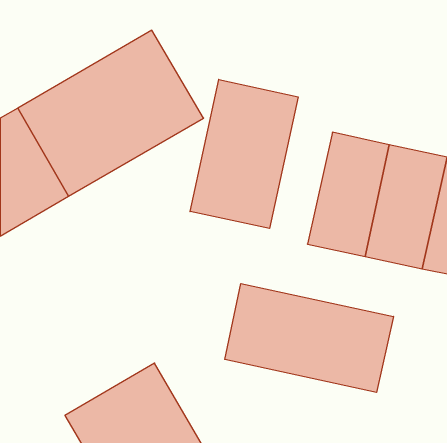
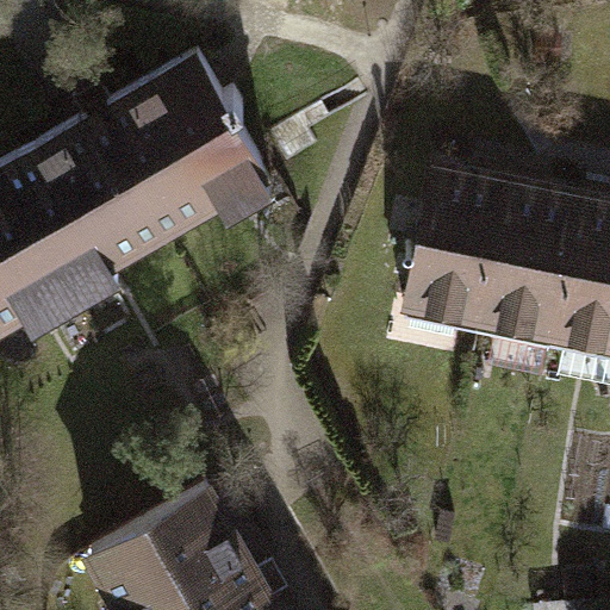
building: [190,79,298,228] -> none
building: [225,284,393,392] -> none

